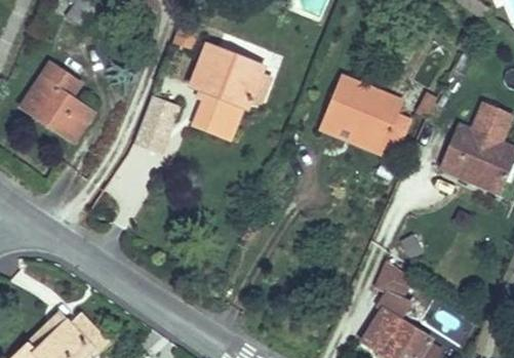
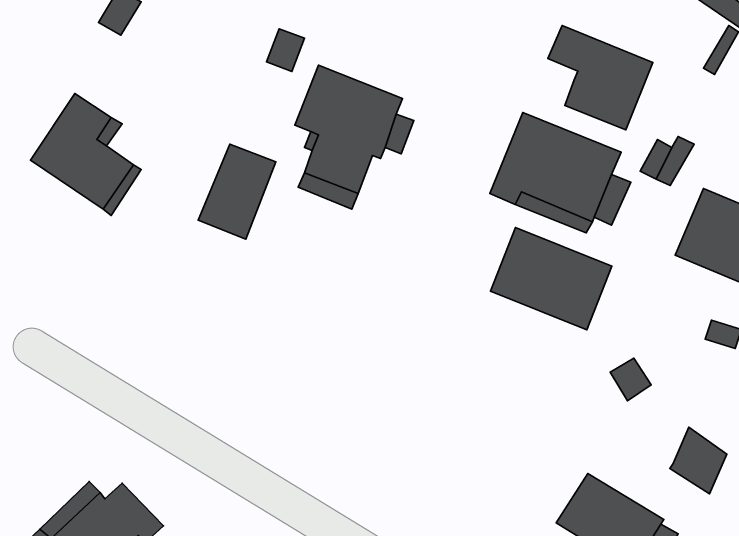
building: none -> [548,26,653,130]
building: none -> [491,227,612,330]
building: [372,260,409,303] -> [670,427,727,494]

